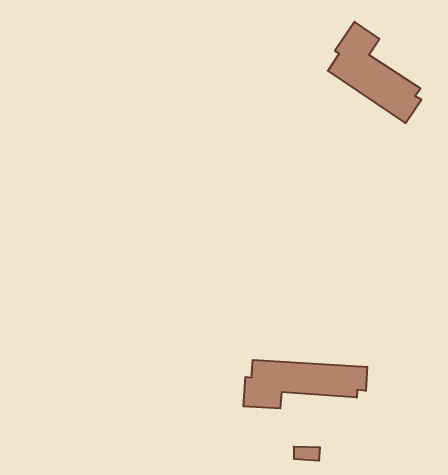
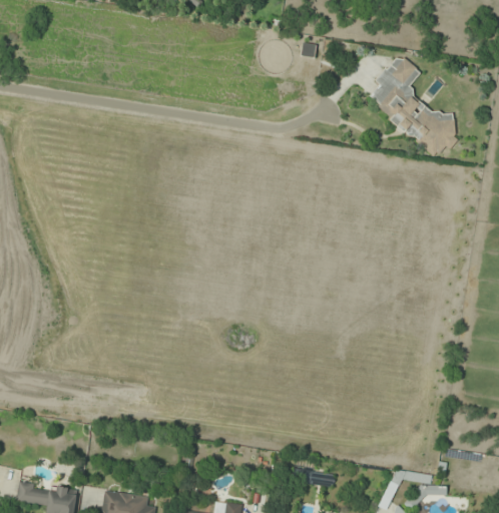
building: [244,360,367,408] -> none

